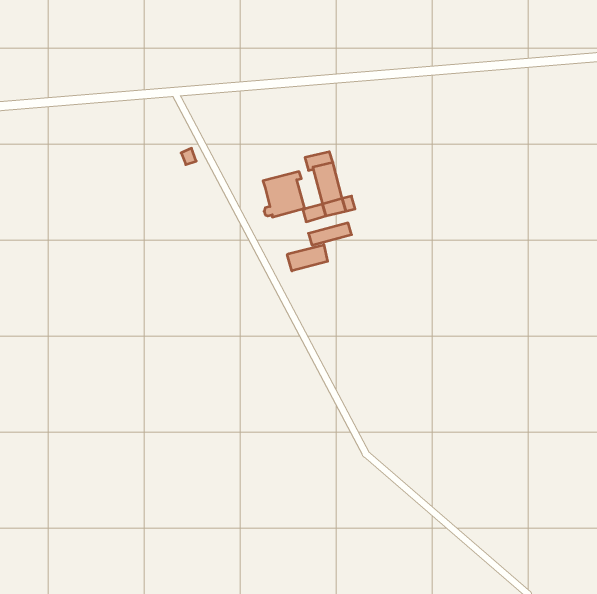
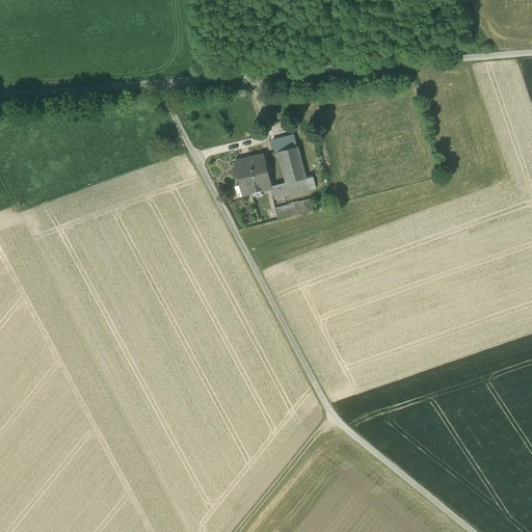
building: [287,245,328,271] -> none

